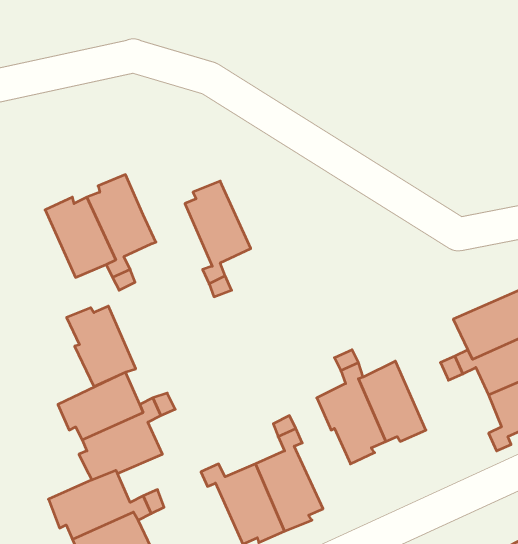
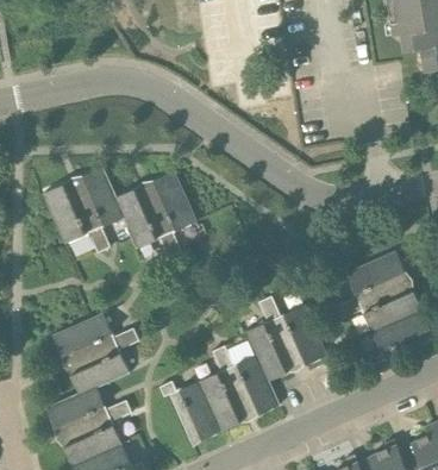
building: [67,306,136,386] -> [115,188,167,247]
building: none -> [227,355,280,414]

